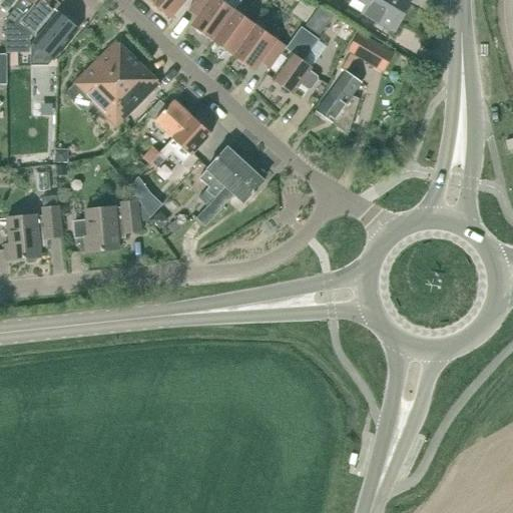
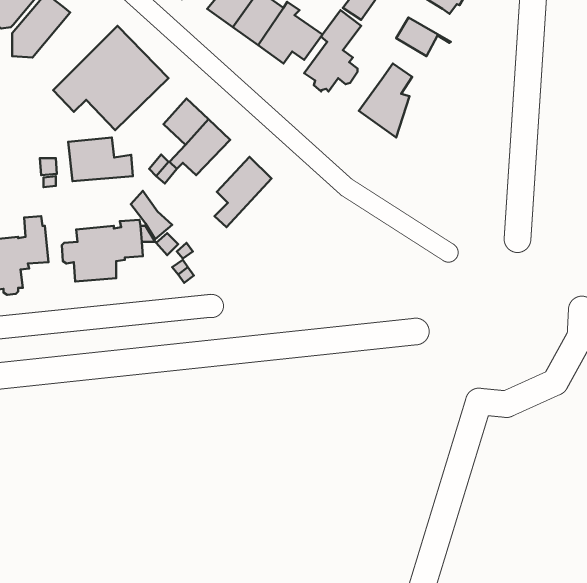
building: none -> [68,138,133,181]
building: [196,165,263,224] -> none

